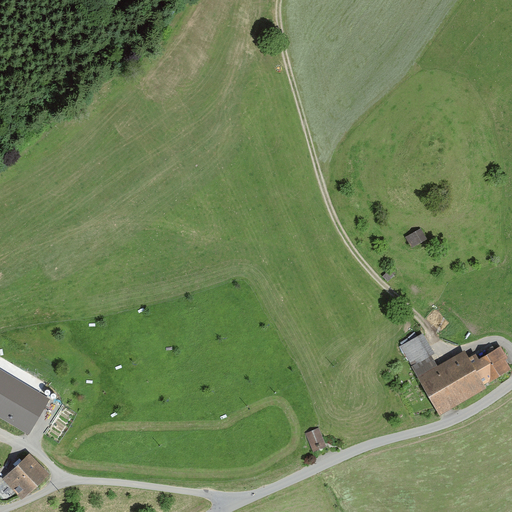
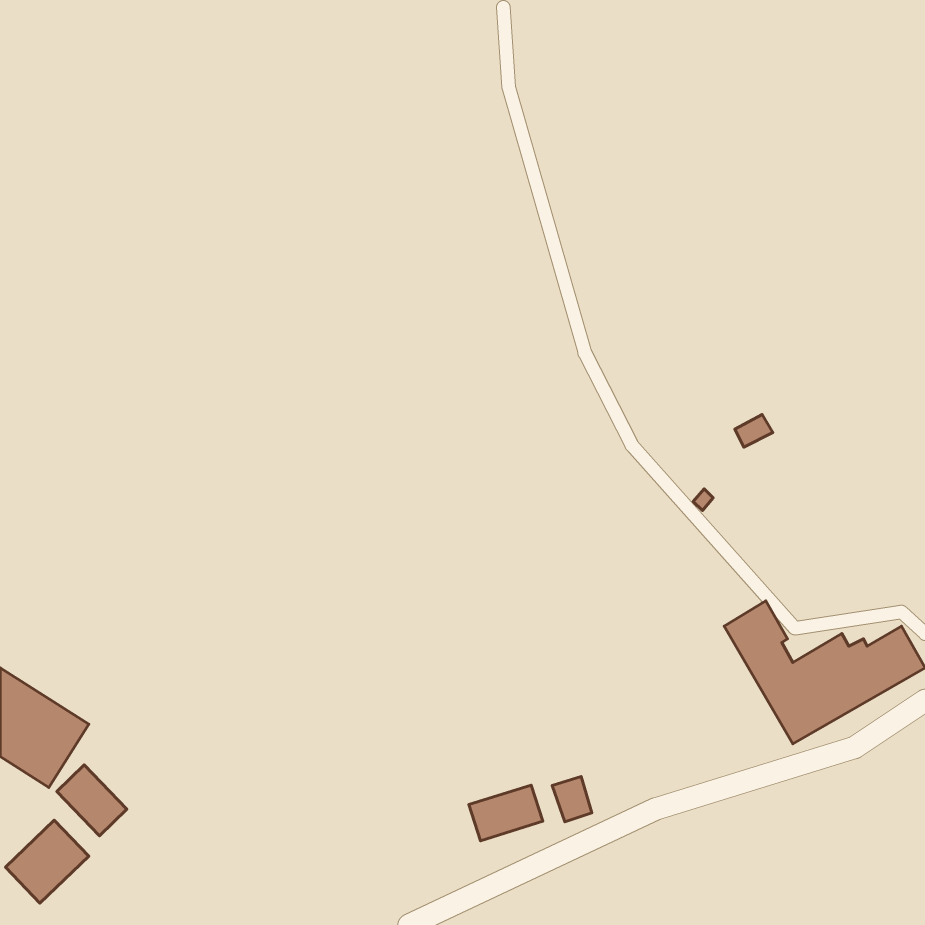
building: none -> [57,765,127,836]
building: none -> [469,785,543,841]

